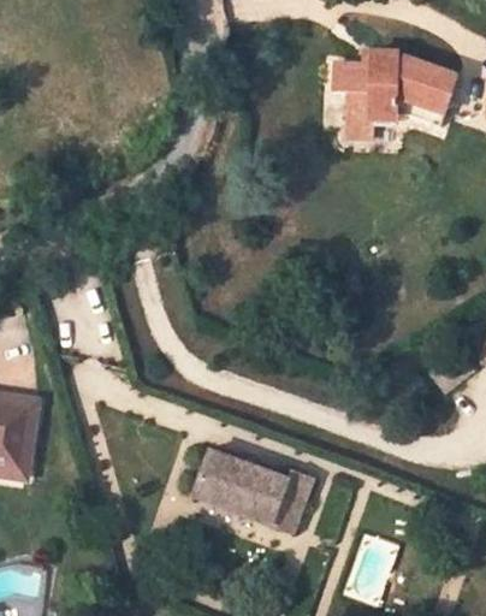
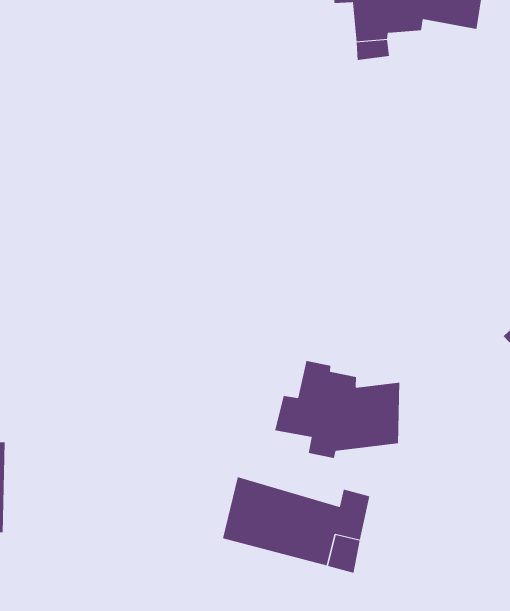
building: none -> [274,360,400,459]

